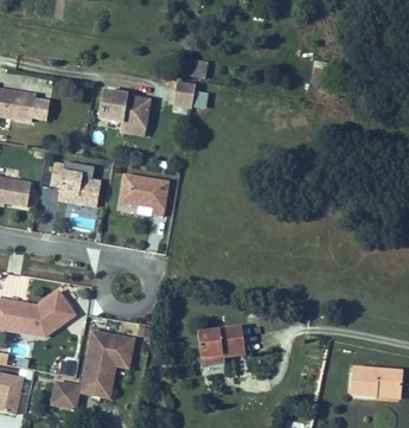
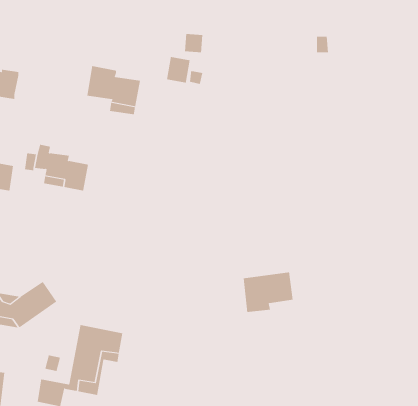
building: [120,174,168,215] -> none
building: [198,326,245,364] -> [243,272,294,313]
building: [352,368,401,396] -> none

